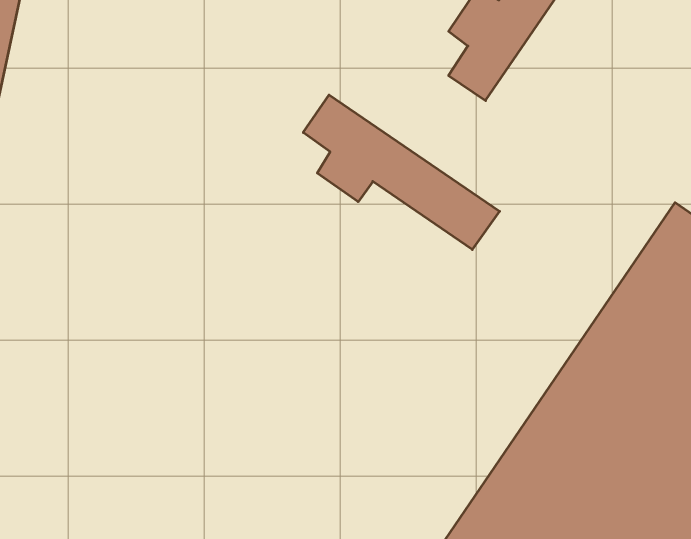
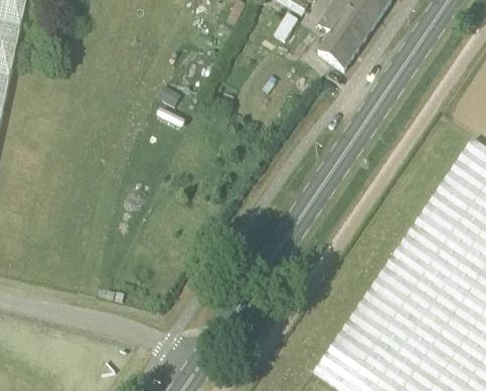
building: [303,95,500,250] -> none

